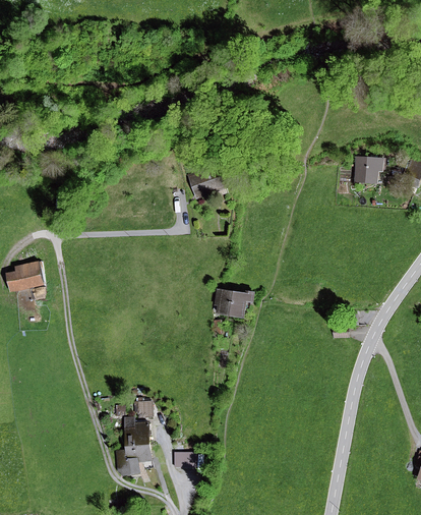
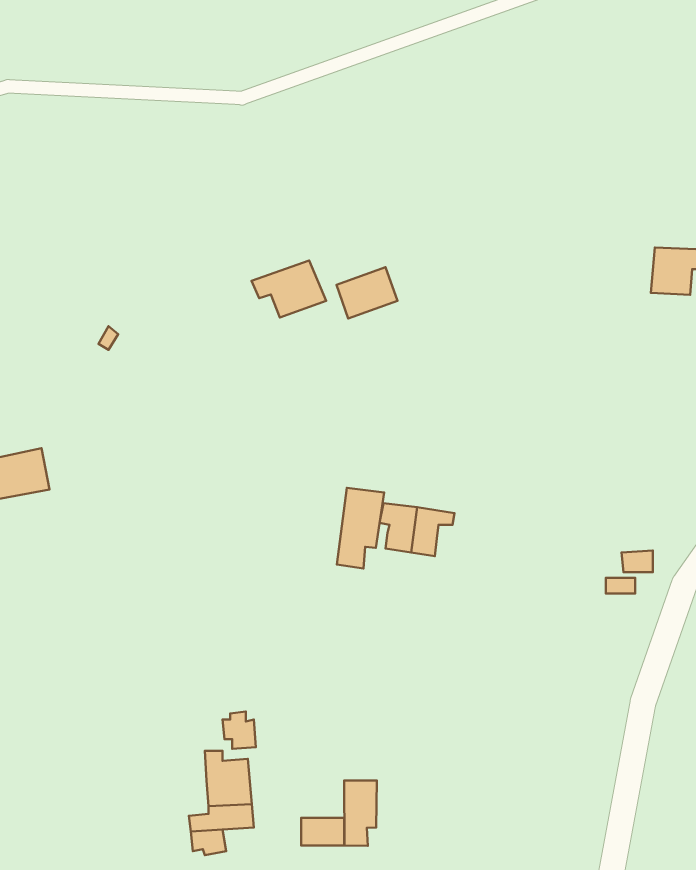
building: none -> [252,260,326,317]
building: none -> [337,488,384,568]
building: none -> [344,780,377,846]

